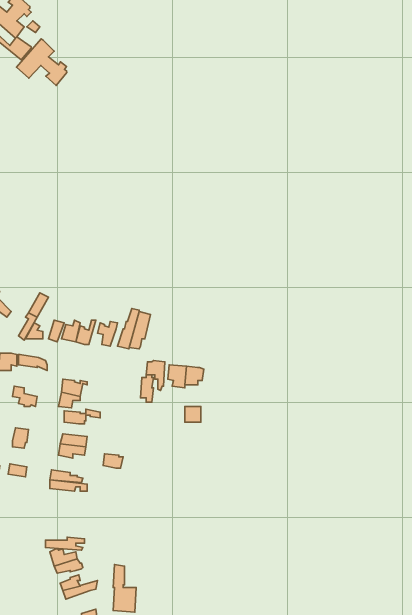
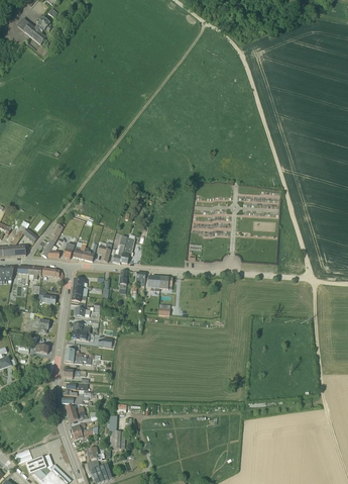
building: [16,39,67,85] -> none

